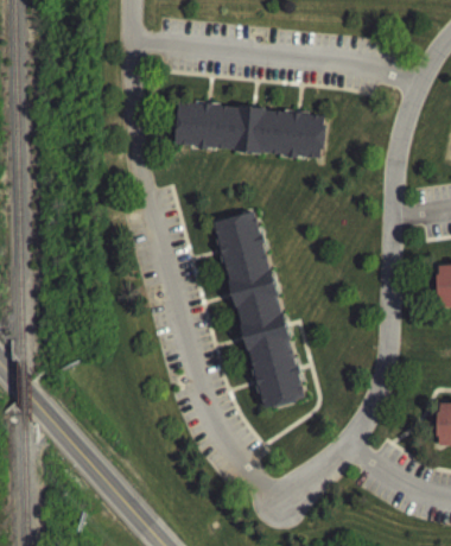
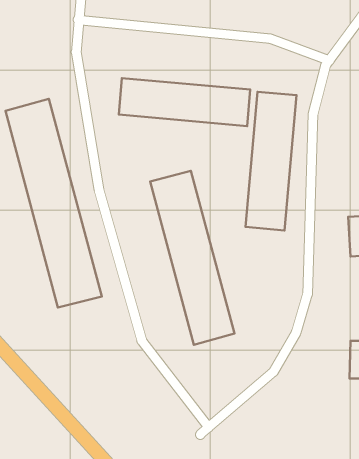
building: none -> [245,92,297,230]
building: none -> [5,99,102,308]

